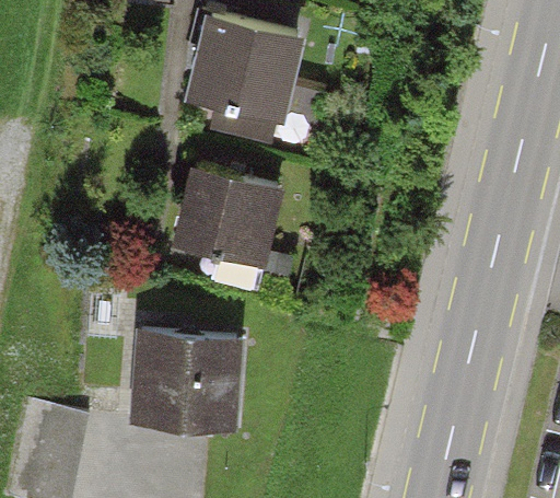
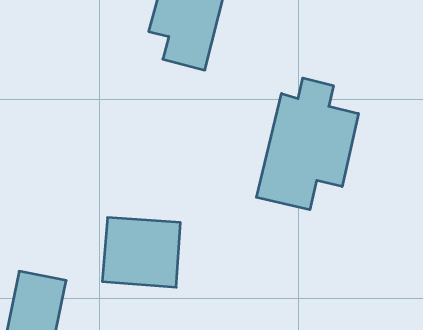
building: none -> [256,78,358,210]
building: [178,169,277,292] -> none

